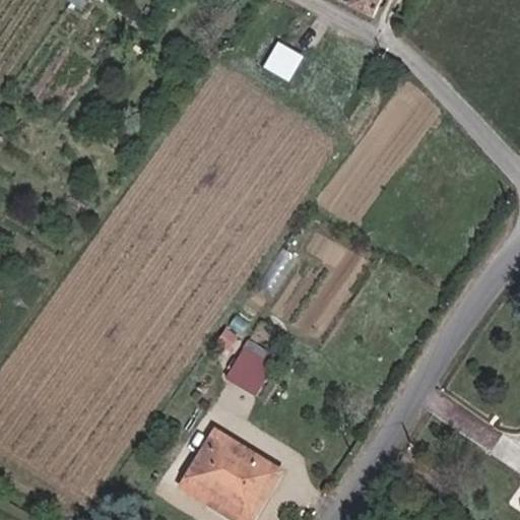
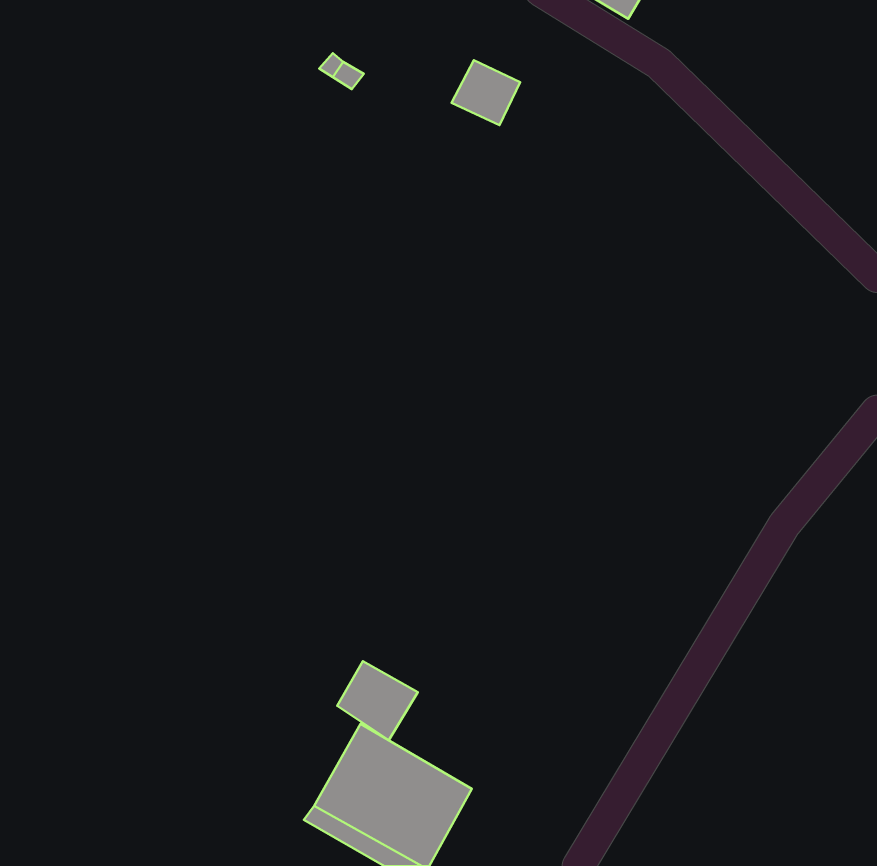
building: [224,348,272,395] -> [337,661,418,740]

